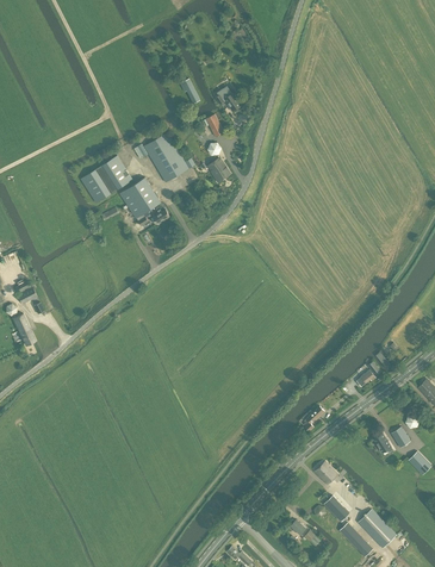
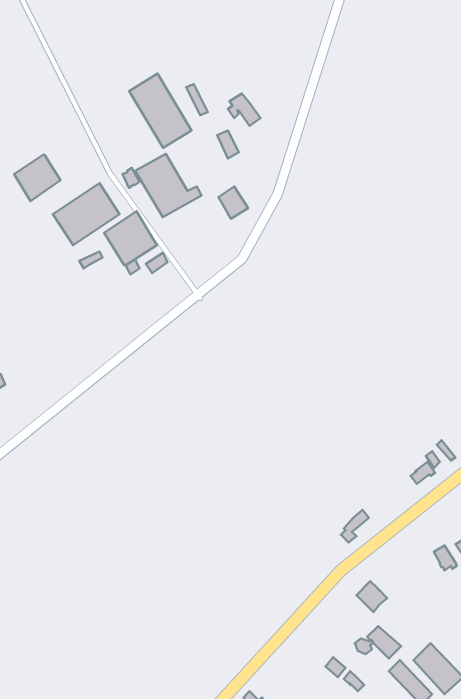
building: none -> [129,74,191,148]
building: none -> [14,155,61,201]

